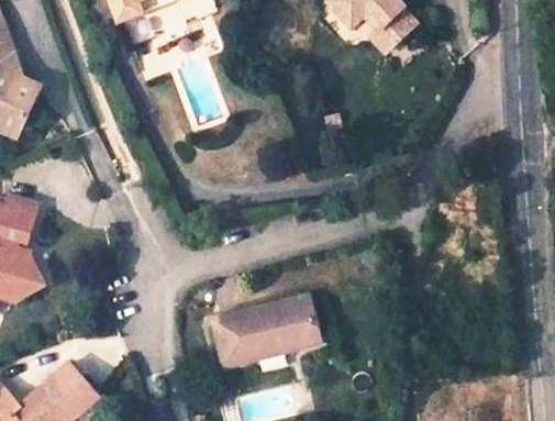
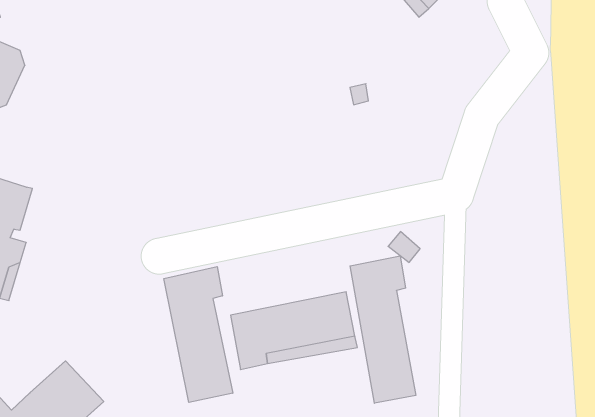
building: none -> [350,256,416,403]
building: none -> [164,267,233,402]

